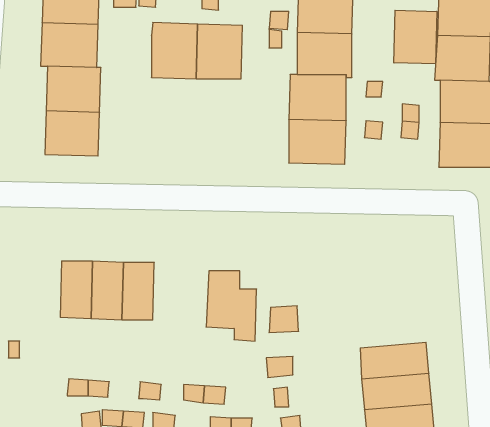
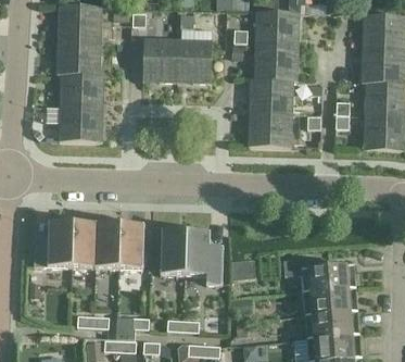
building: [394,10,437,64] -> none
building: none -> [33,222,72,266]
building: none -> [160,229,186,274]
building: none -> [282,258,354,290]

